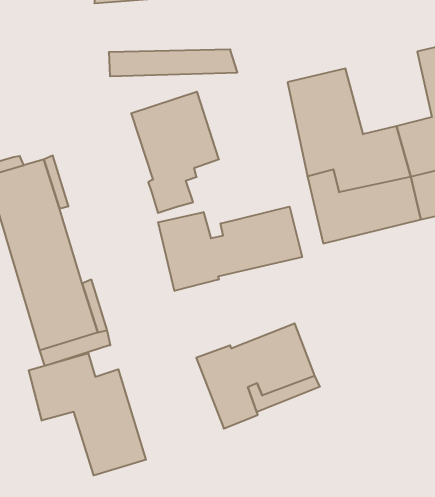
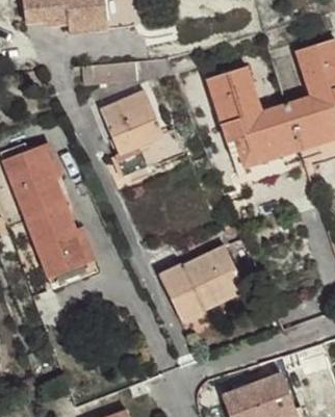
building: [158,207,302,291] -> none
building: [29,353,146,475] -> none

